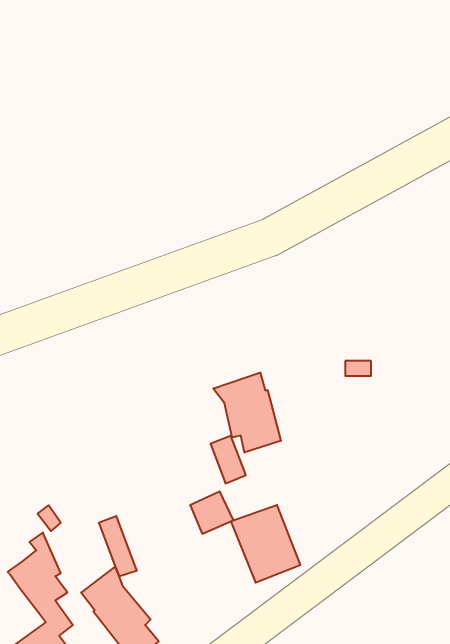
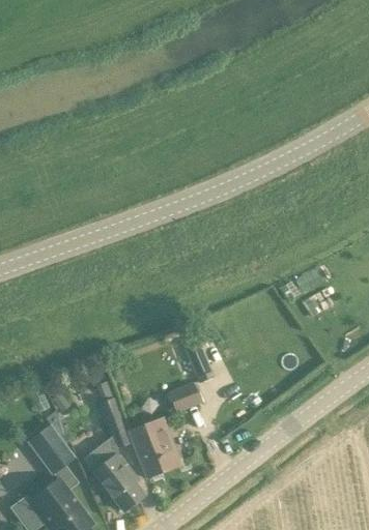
building: [213,373,281,453] -> none
building: [231,505,300,583] -> [129,419,181,478]

